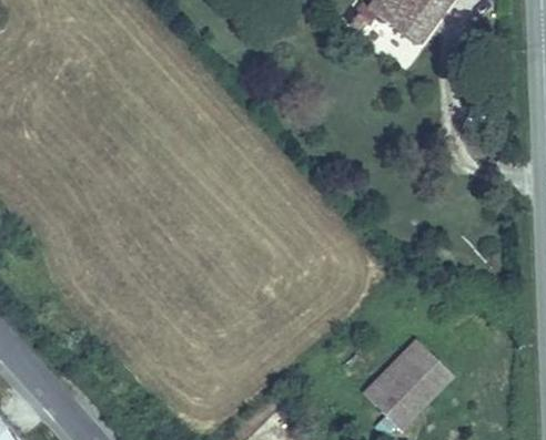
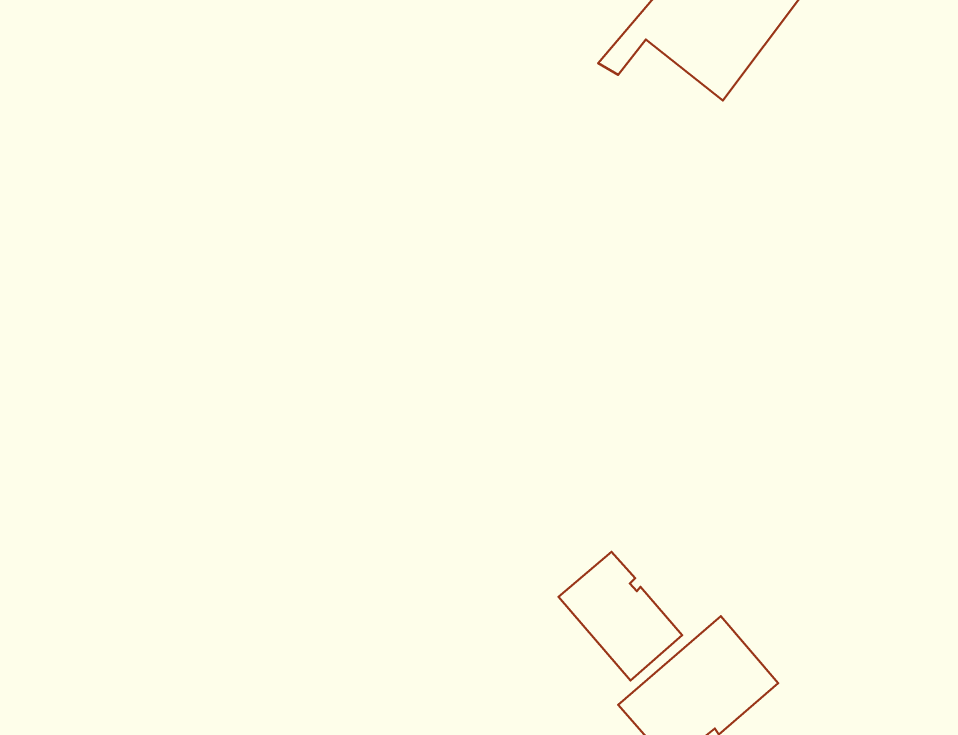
building: none -> [558,552,682,680]

